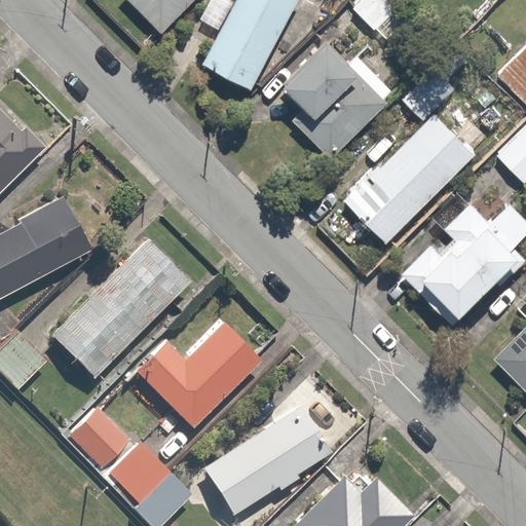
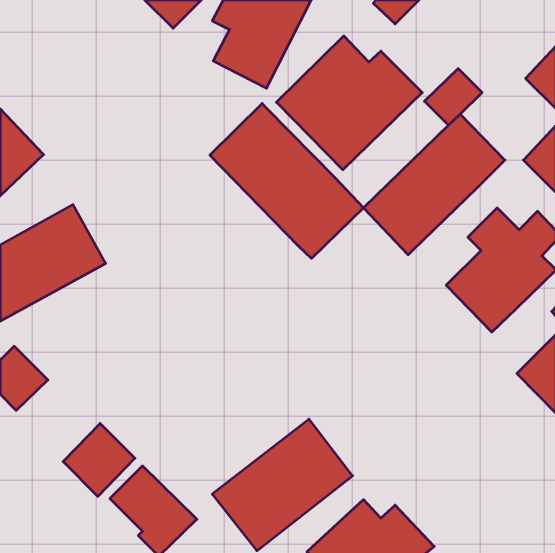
building: none -> [210,103,363,258]
building: [48,234,199,391] -> none
building: [133,321,260,428] -> none

